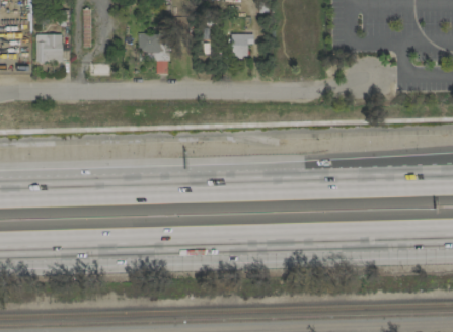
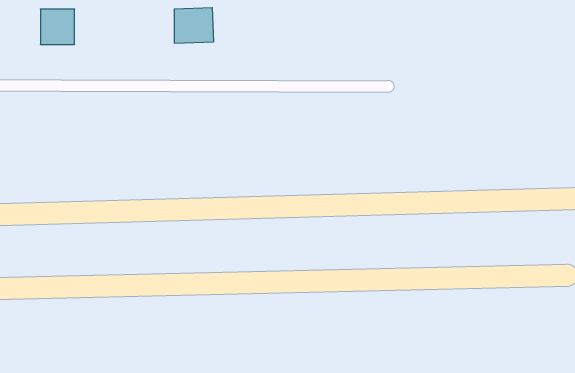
building: [231,32,254,56] -> none

